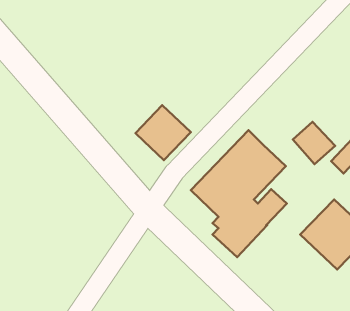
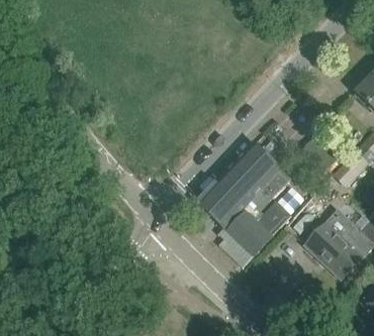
building: [135,105,191,160] -> none

